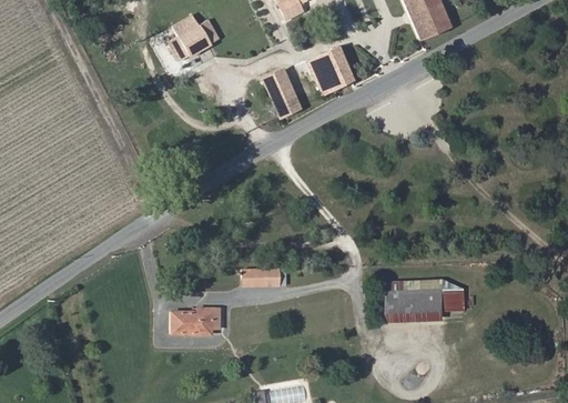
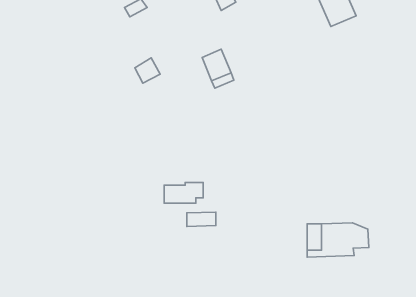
building: [180,23,211,54] -> [135,58,160,83]
building: [307,44,355,95] -> none
building: [172,308,220,333] -> [164,182,203,203]

